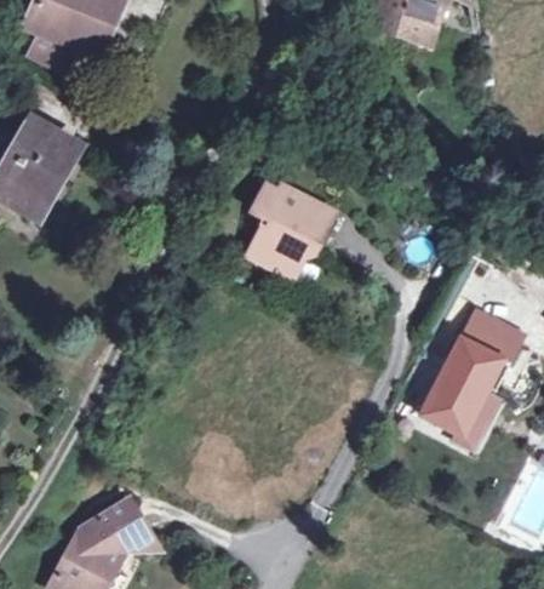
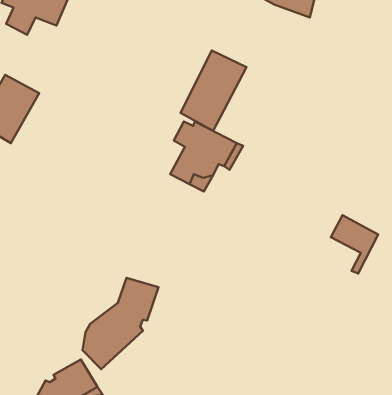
building: none -> [180,51,246,131]
building: [422,337,500,435] -> none
building: none -> [83,278,158,369]

